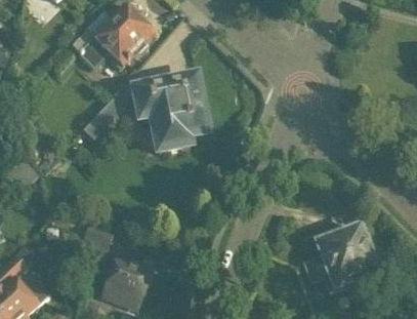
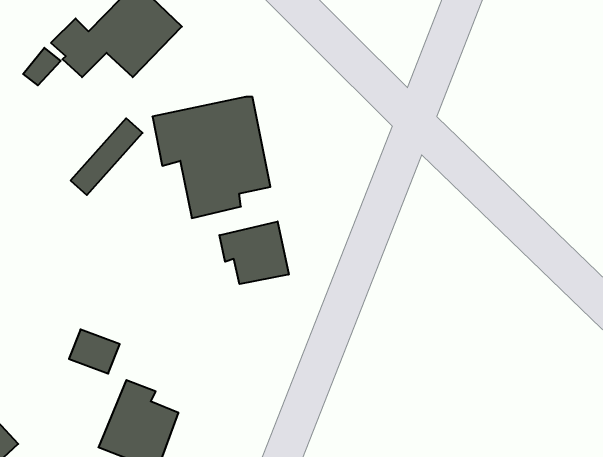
building: none -> [219,221,289,284]
building: [304,228,380,294] -> none

